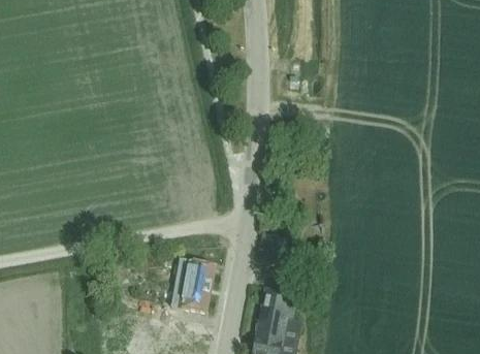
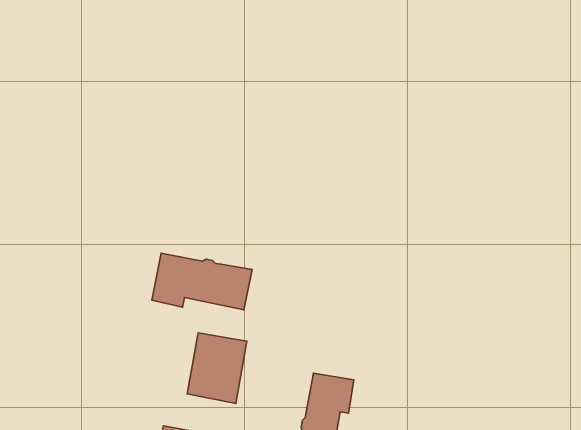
building: none -> [152,253,252,310]

